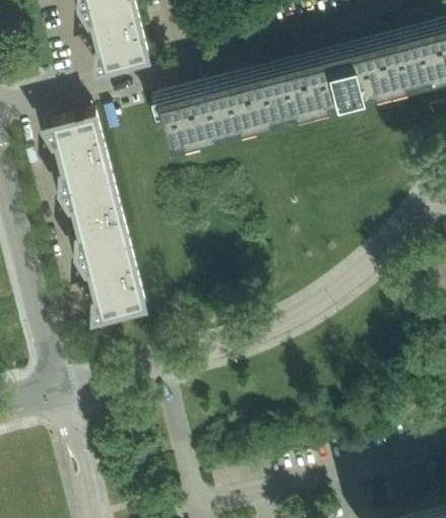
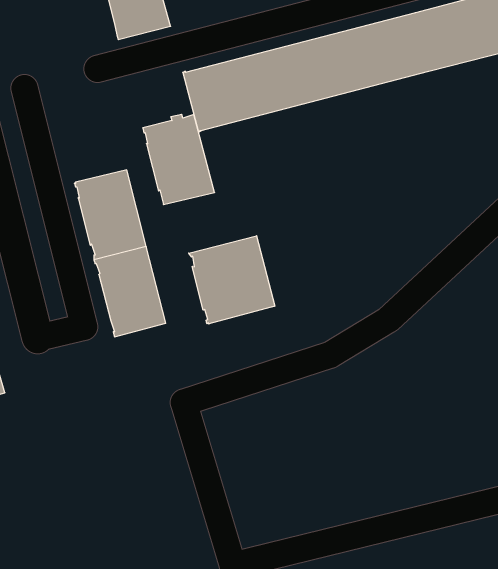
building: [51,116,111,191] -> [143,114,215,205]
building: none -> [189,236,275,324]

